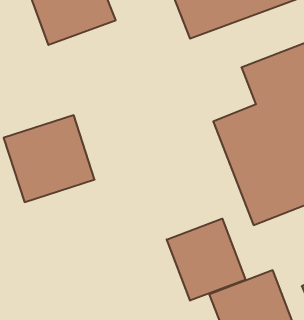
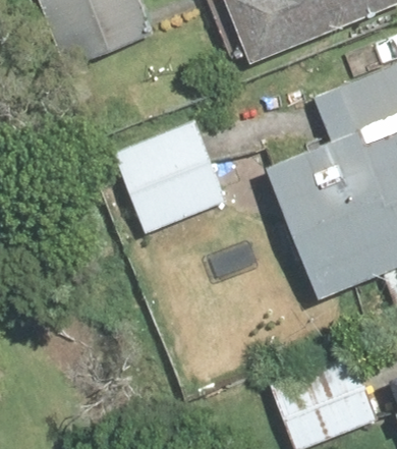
building: [4,115,95,202] -> [105,120,220,230]
building: [167,219,246,301] -> none

